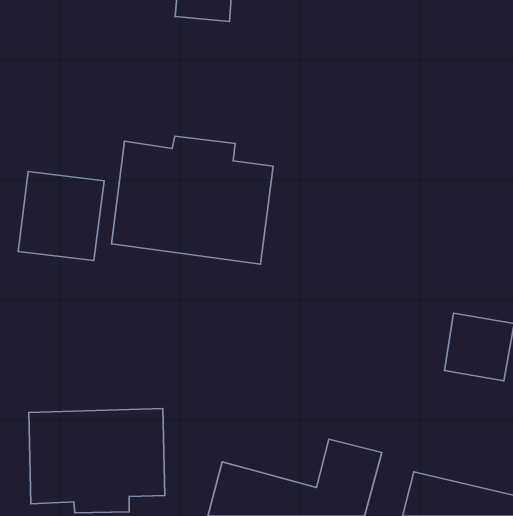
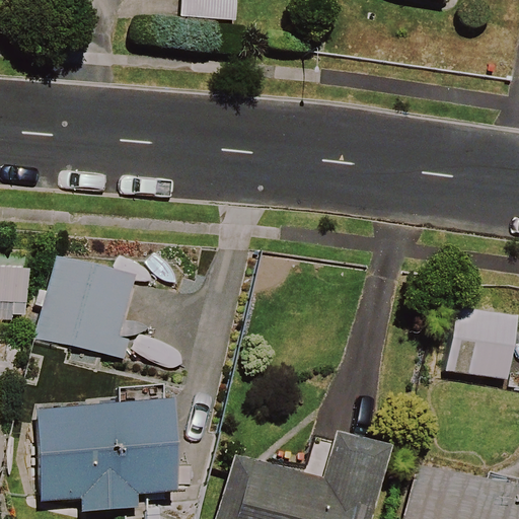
building: [111,136,273,264] -> none
building: [18,172,104,261] -> [46,261,131,349]

